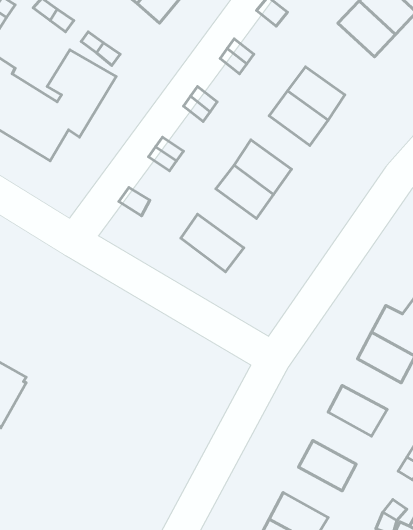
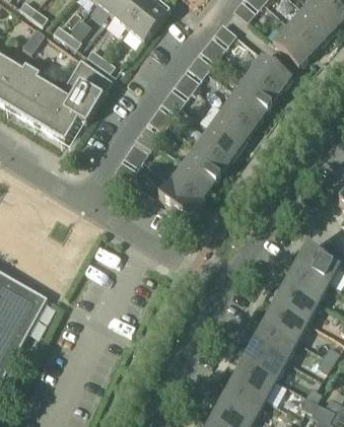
building: none -> [249,54,290,92]
building: none -> [209,108,252,146]
building: none -> [170,160,213,203]
building: none -> [275,283,318,319]
building: none -> [254,322,296,359]
building: none -> [232,361,275,398]

